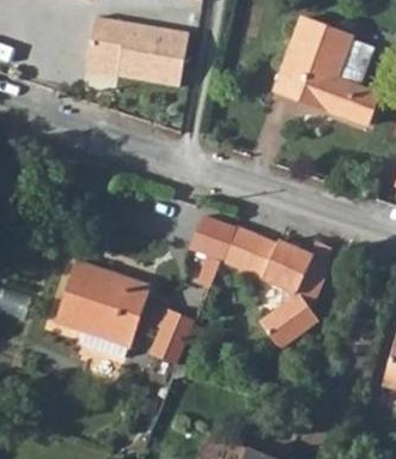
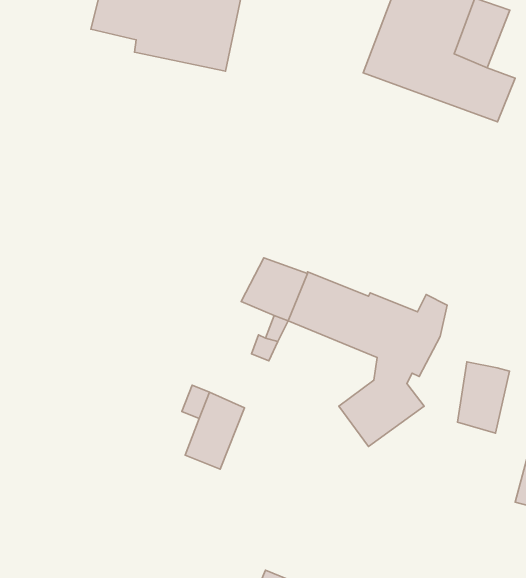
building: [56,261,150,357] -> none
building: none -> [457,362,509,433]

